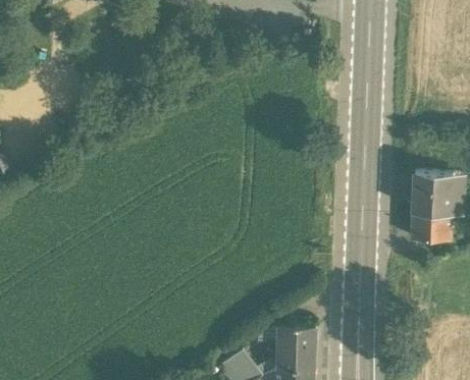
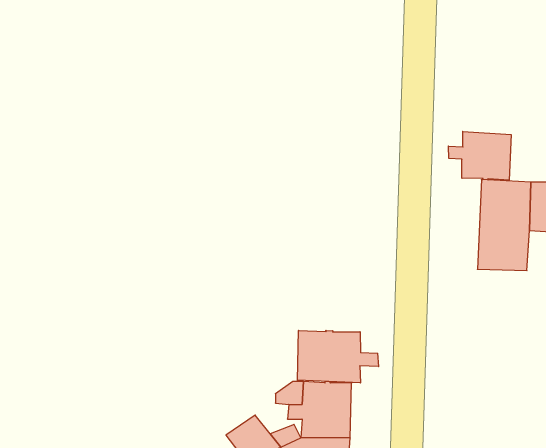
building: none -> [448,131,511,180]
building: none -> [297,330,379,383]

